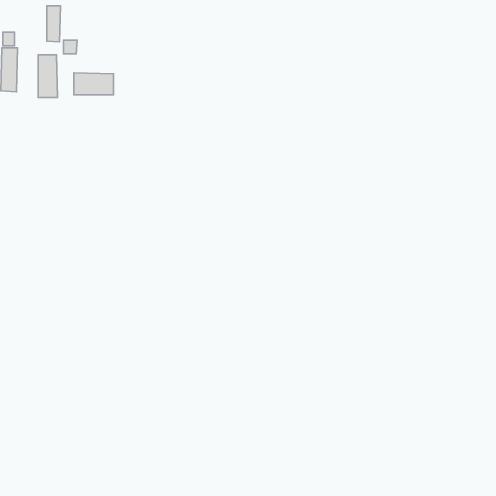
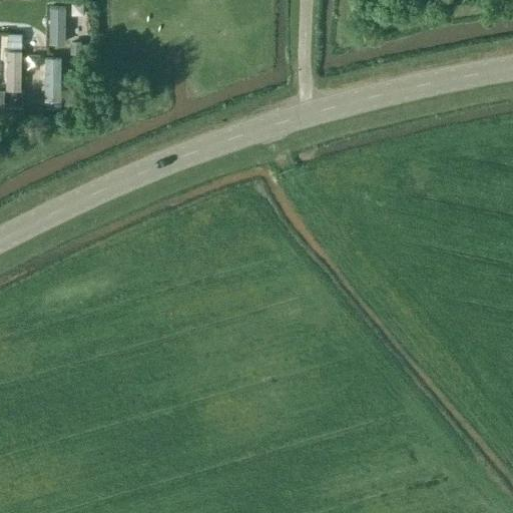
building: [74,73,114,95] -> none

